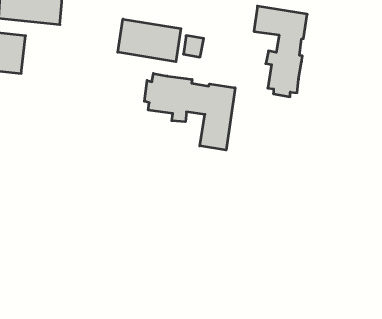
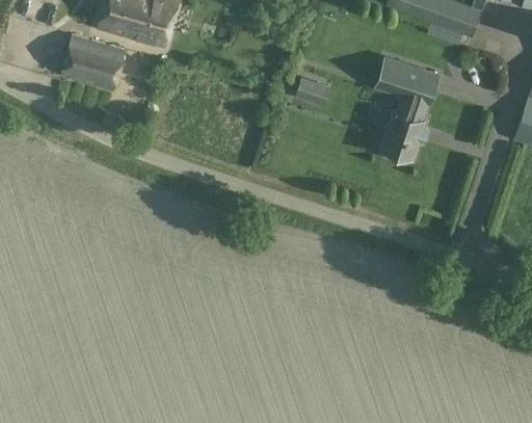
building: [118,19,181,62] -> none
building: [144,73,235,150] -> none

